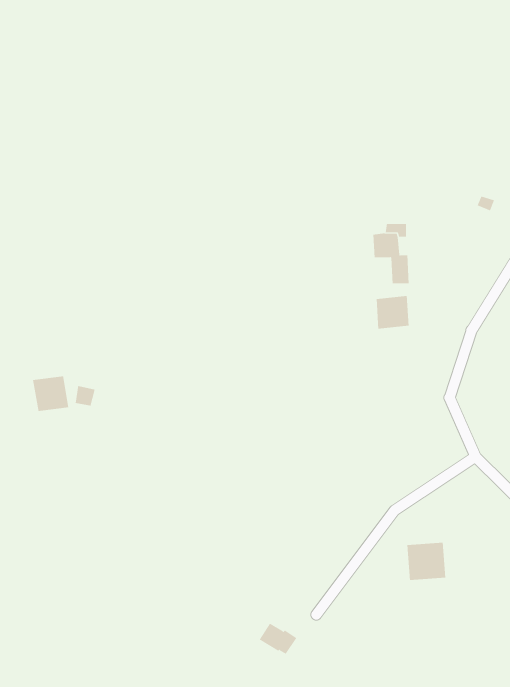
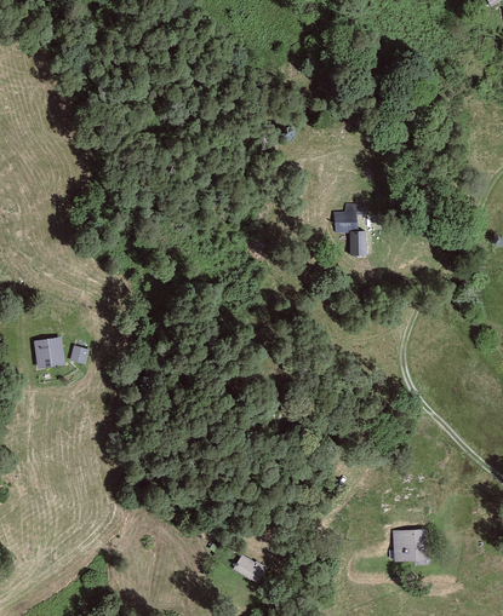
building: [376,295,409,329] -> none
building: [406,542,446,581] -> [391,528,427,562]

